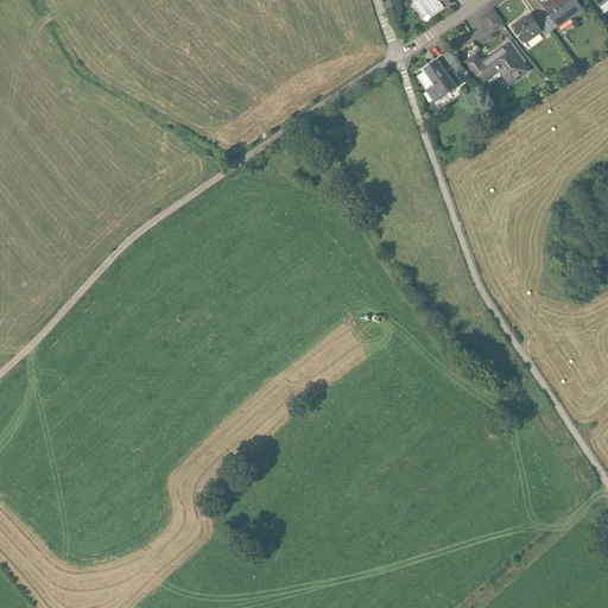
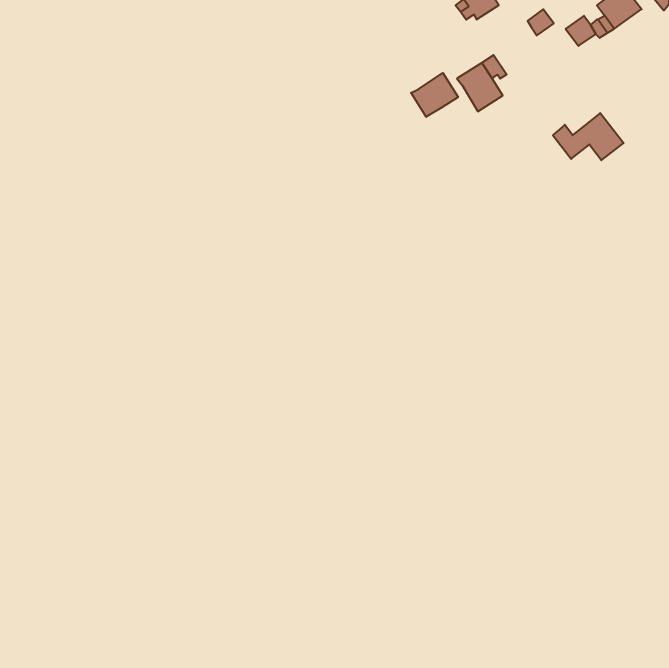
building: [464,42,528,84] -> [553,113,624,160]
building: none -> [411,73,458,117]

